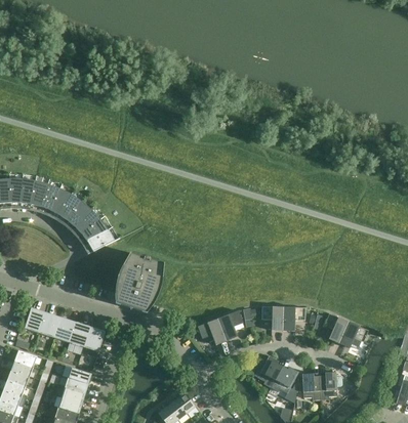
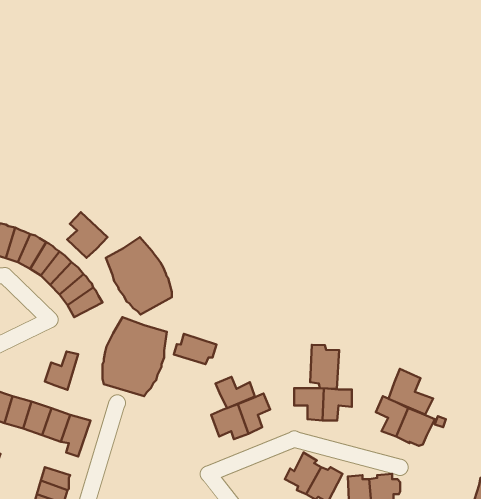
building: none -> [67,212,108,258]
building: none -> [106,237,172,315]
building: none -> [174,334,216,364]
building: none -> [310,345,339,389]
building: none -> [45,352,78,390]
building: none -> [389,369,433,414]
building: none -> [216,377,255,408]

